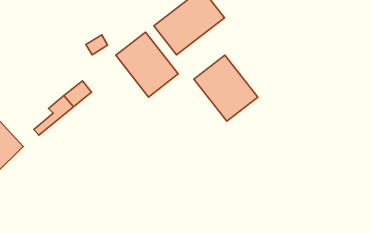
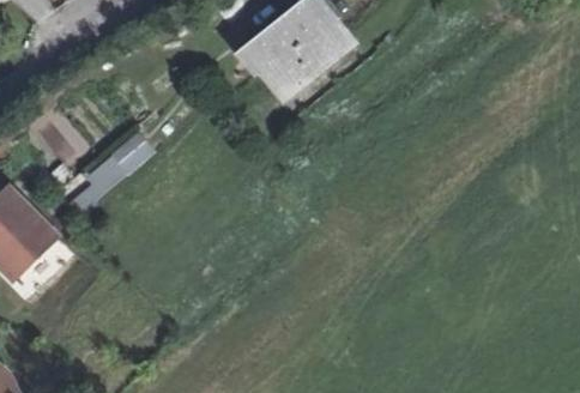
building: [116,32,178,97] -> none
building: [194,55,258,121] -> none

